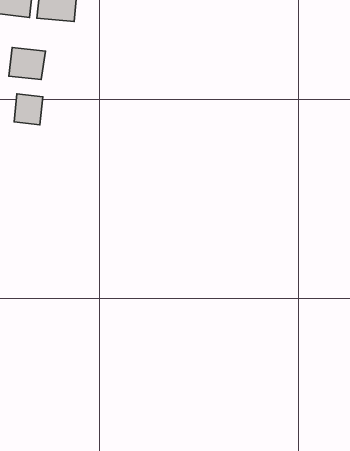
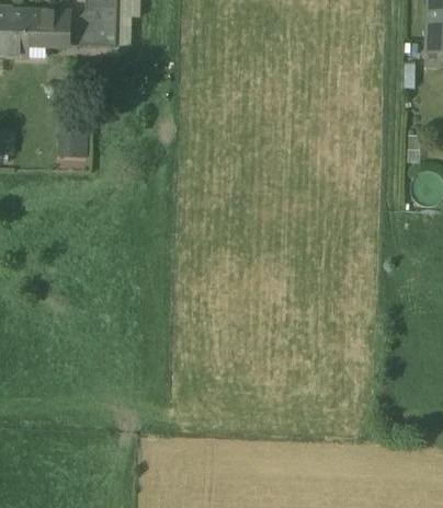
building: [9,48,45,80] -> none

